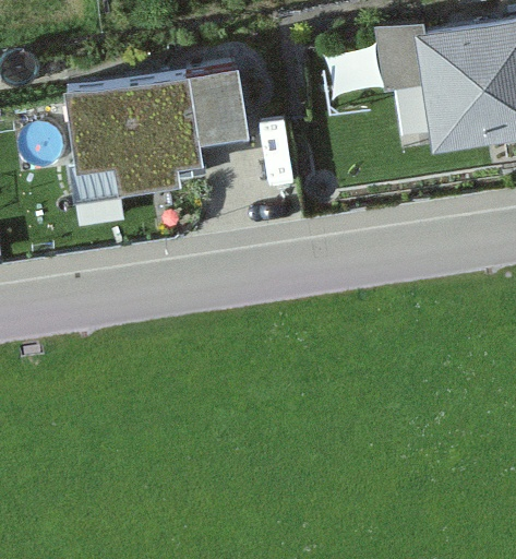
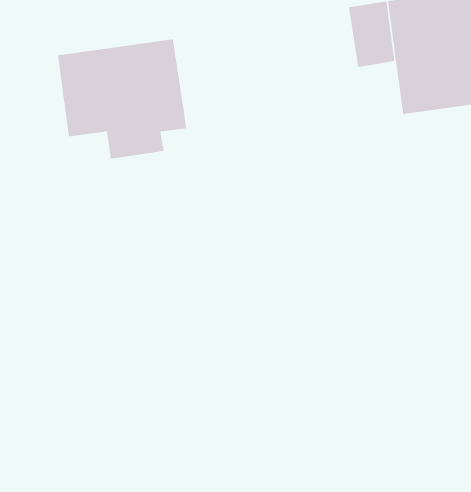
building: [187,61,247,147] -> none

